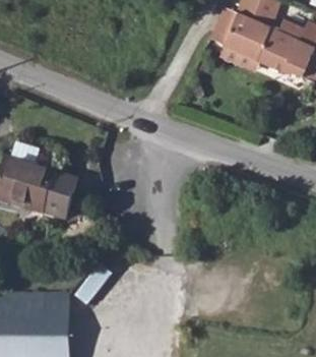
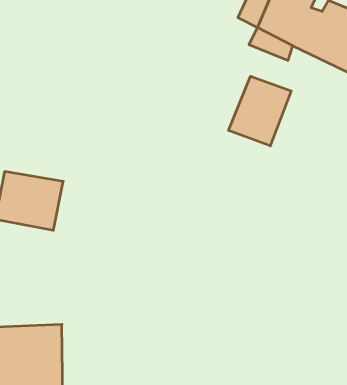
building: none -> [229,76,291,146]

